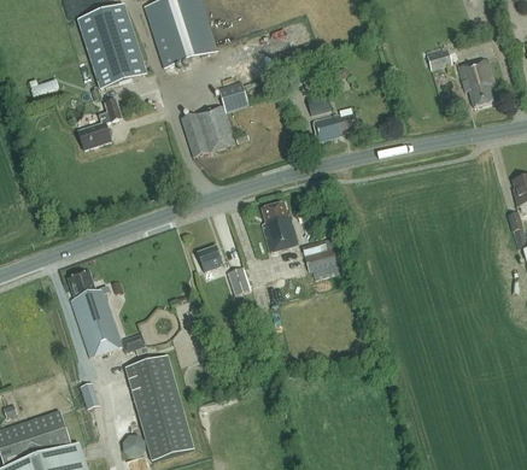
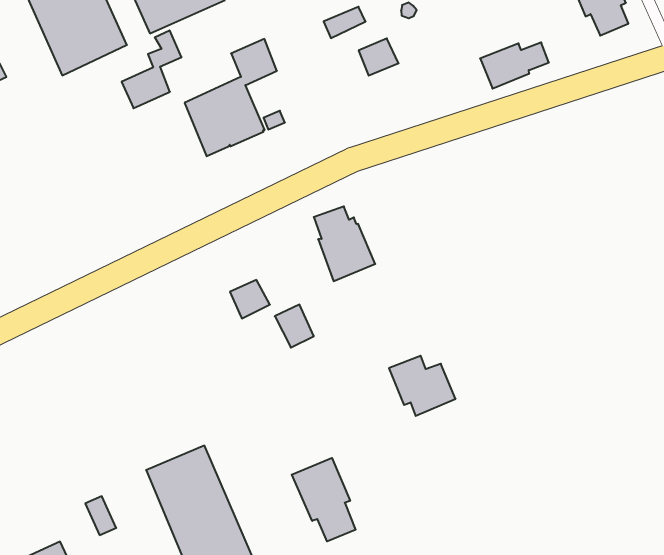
building: [77,99,121,149] -> [122,30,182,108]
building: [311,112,358,141] -> [480,42,549,89]
building: [300,239,344,280] -> [389,356,456,416]
building: [69,272,145,357] -> none
building: none -> [292,458,356,541]

